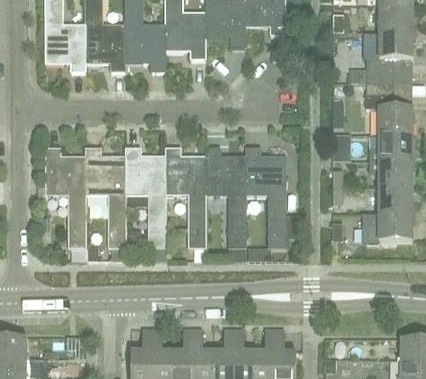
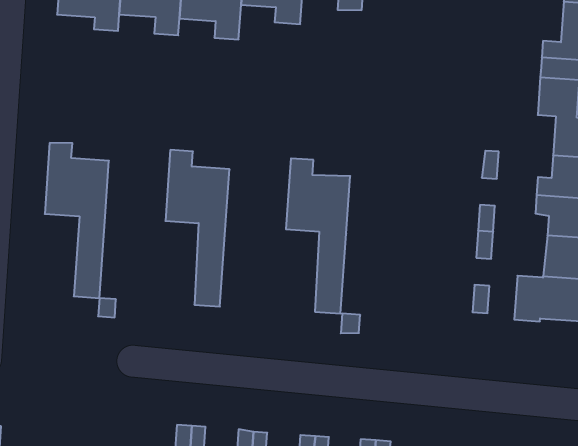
building: [86,147,126,260] -> none
building: [166,147,206,247] -> none
building: [246,147,286,247] -> none

